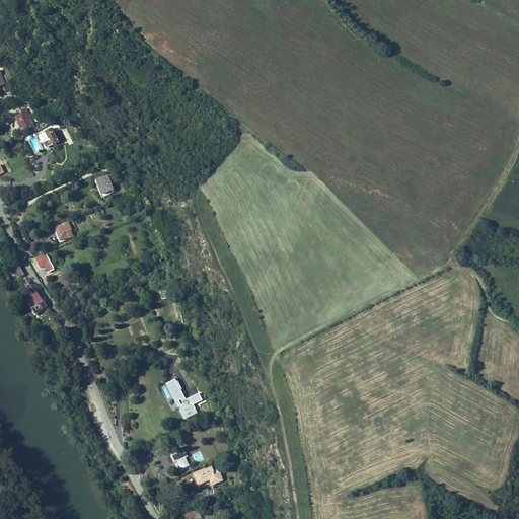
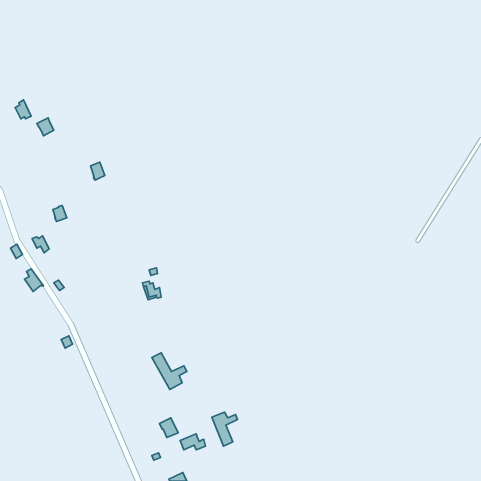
building: none -> [212,412,238,446]

